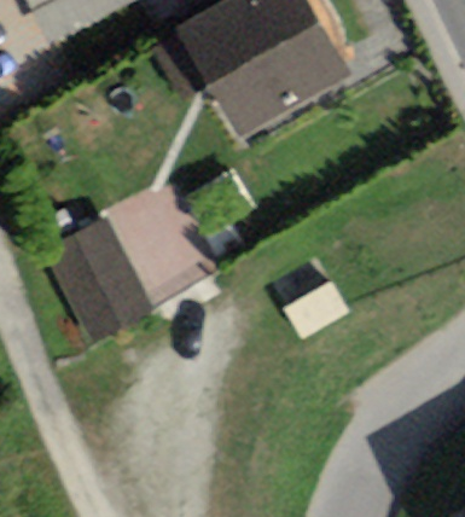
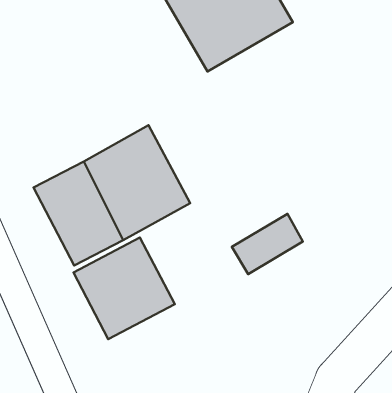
building: none -> [73,237,175,339]

